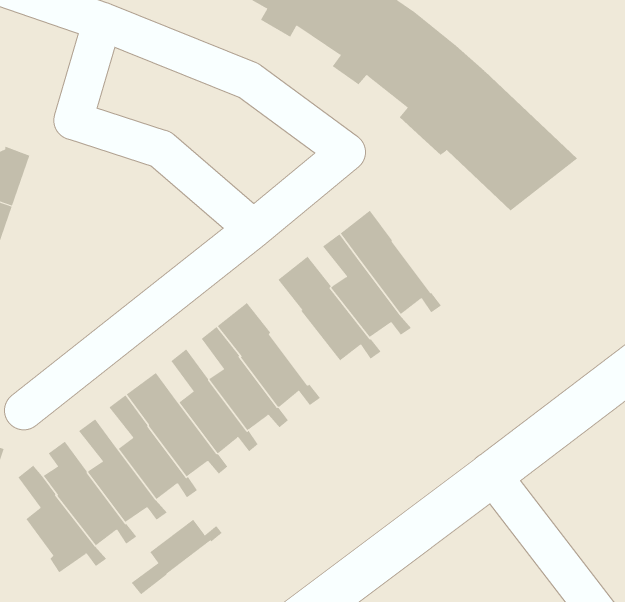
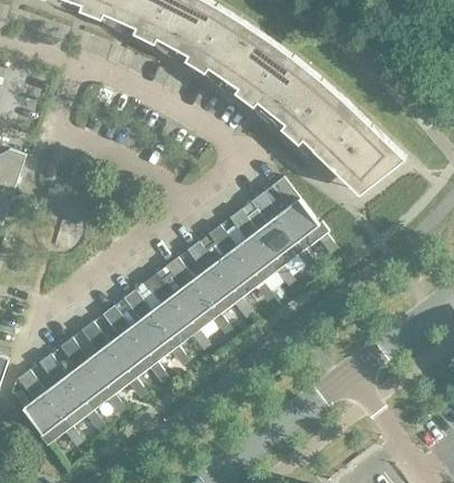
building: none -> [269,177,331,250]
building: none -> [185,242,247,315]
building: [131,519,223,595] -> none

